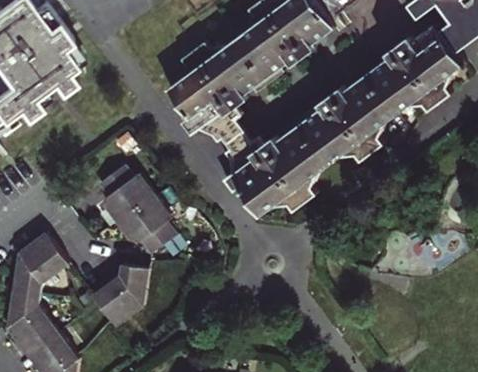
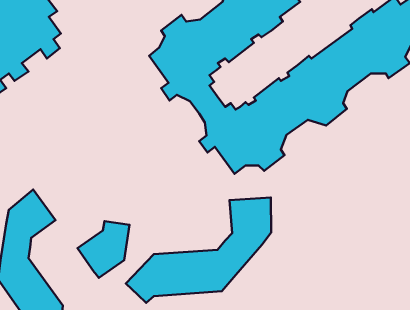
building: [98,166,176,254] -> none
building: none -> [126,198,271,303]

